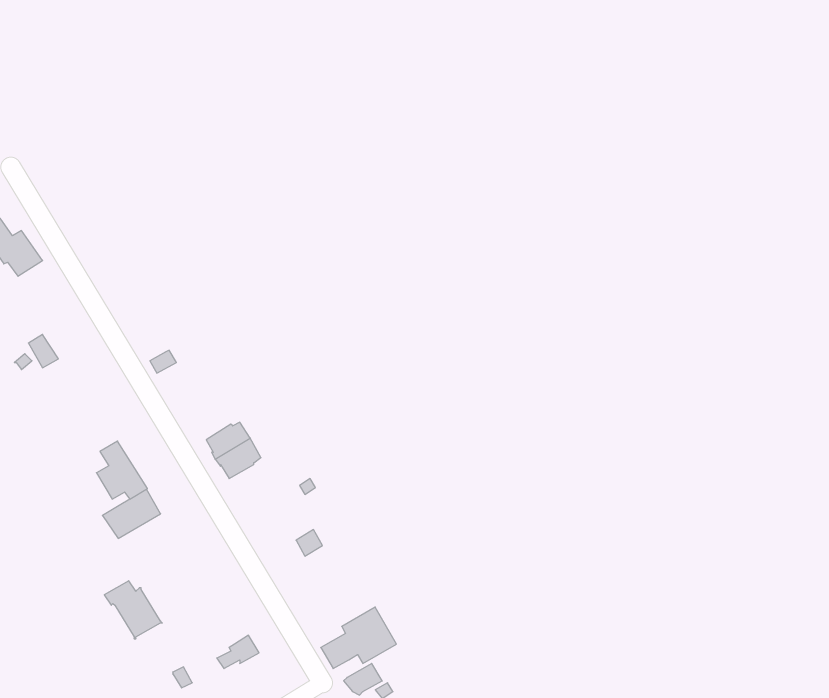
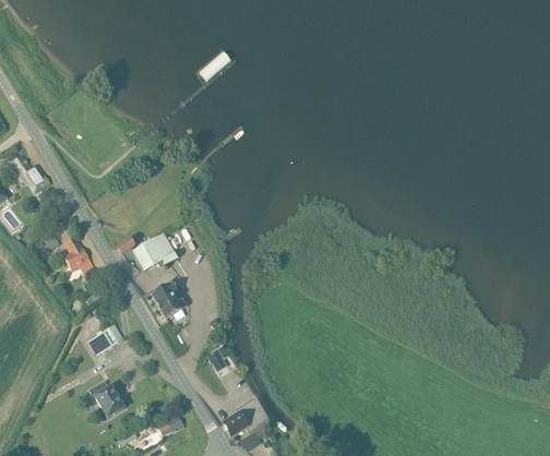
building: none -> [132,233,177,269]
building: [96,441,147,499] -> [62,236,94,272]

